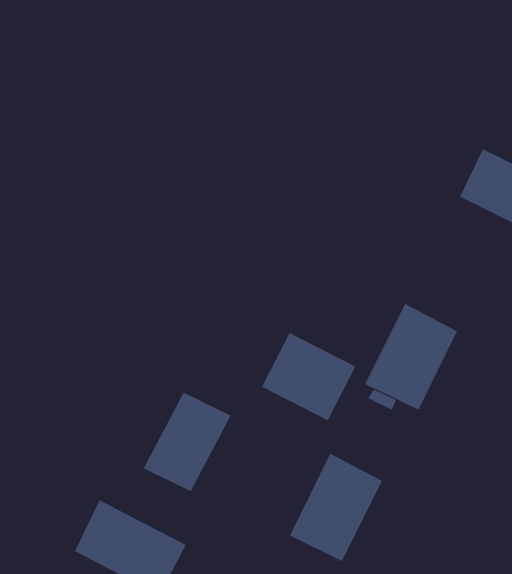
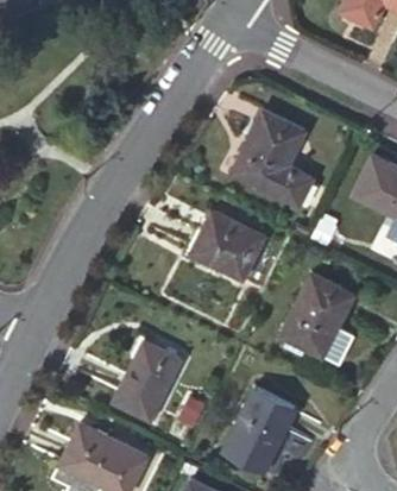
building: none -> [233,111,311,206]
building: [261,332,356,421] -> [191,212,264,279]

